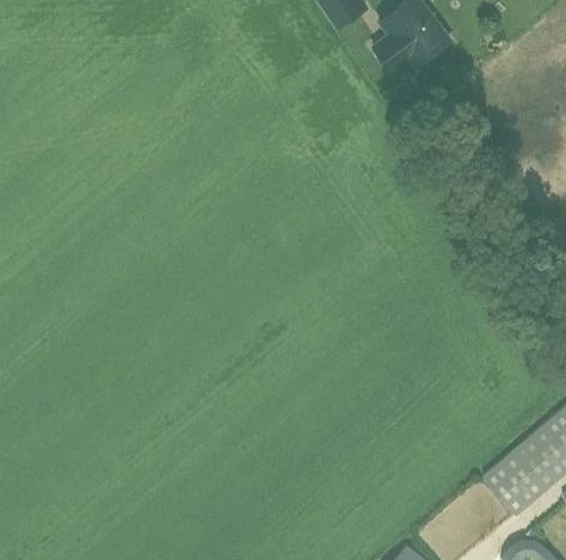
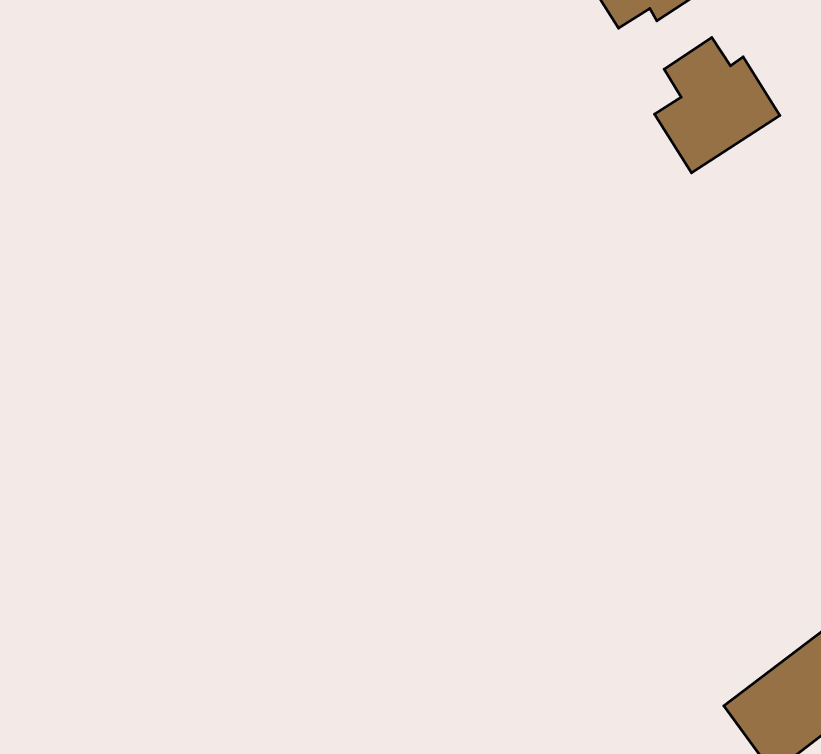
building: none -> [655,37,780,173]

